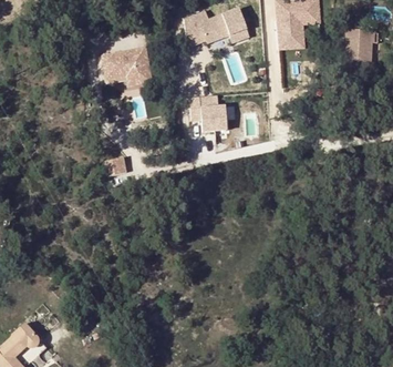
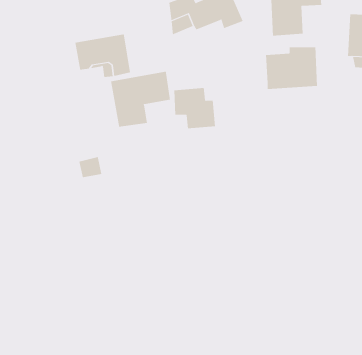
building: none -> [265,46,318,90]
building: none -> [111,71,170,128]

